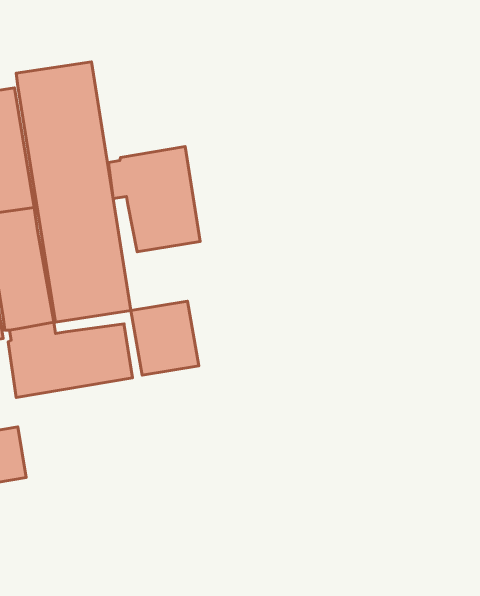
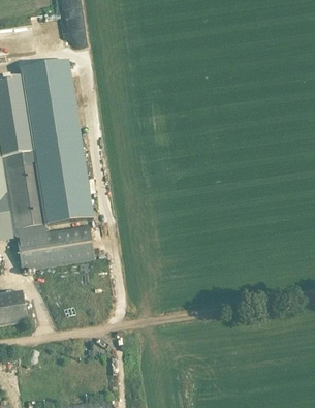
building: [108,147,200,252] -> none
building: [131,301,199,375] -> none

